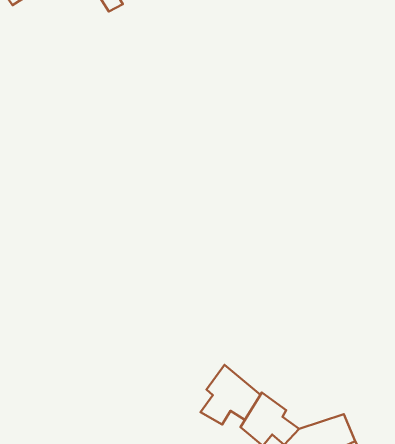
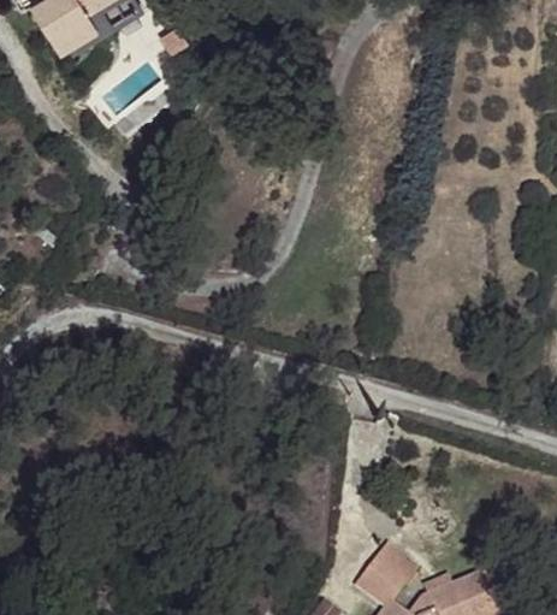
building: [200,365,260,425] -> none

